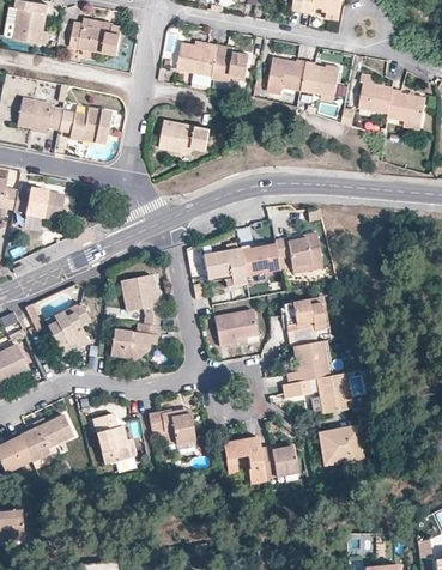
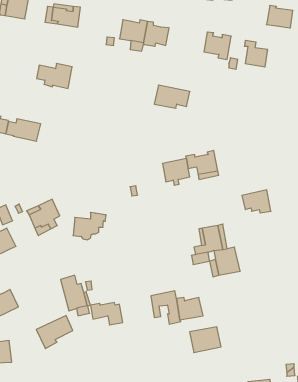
building: [267,57,305,93] -> none
building: [388,89,426,121] -> [266,6,293,28]
building: [18,97,63,128] -> none
building: [161,120,212,153] -> [154,85,190,108]
building: [204,249,247,287] -> none
building: [121,274,158,326] -> none
building: [283,297,325,331] -> [242,190,271,213]
building: [214,310,259,346] -> none
building: [149,410,195,442] -> [90,303,123,325]
building: [20,413,73,461] -> [36,316,73,349]
building: [319,425,364,462] -> [190,327,221,353]

